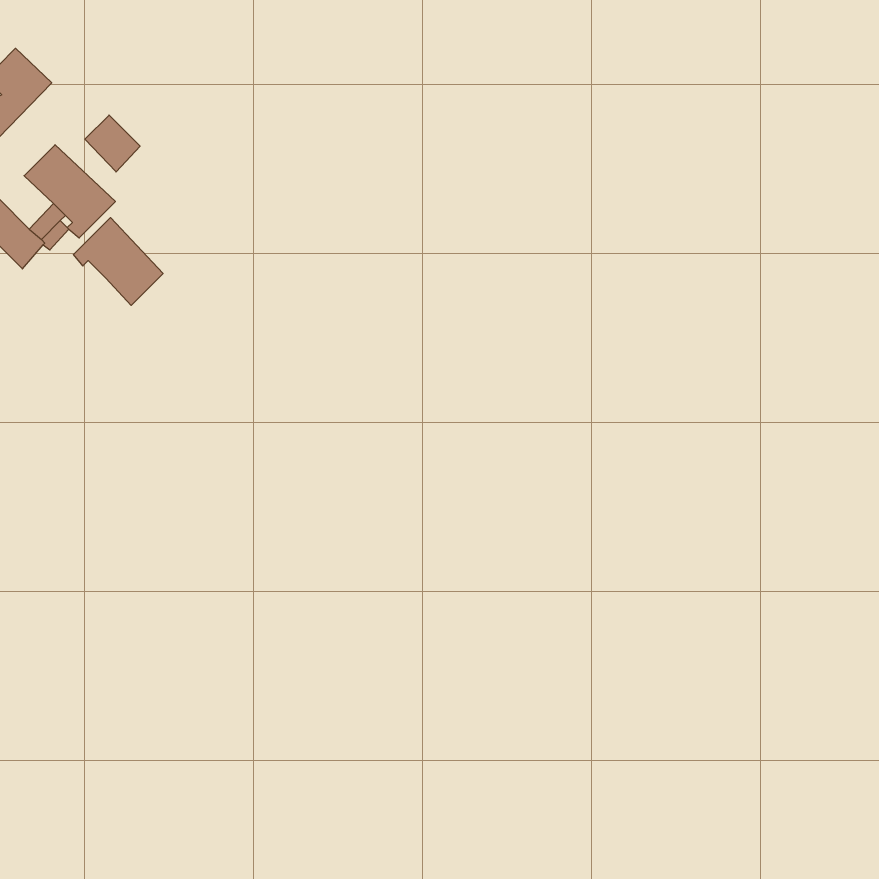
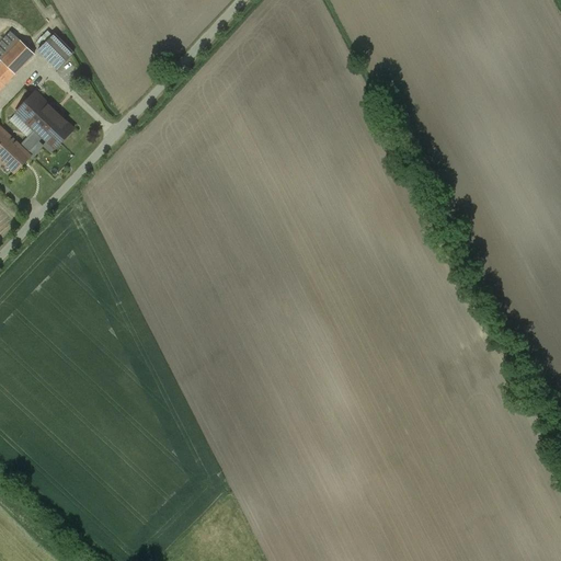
building: [85,115,140,172] -> [37,33,72,69]
building: [73,218,163,305] -> none

